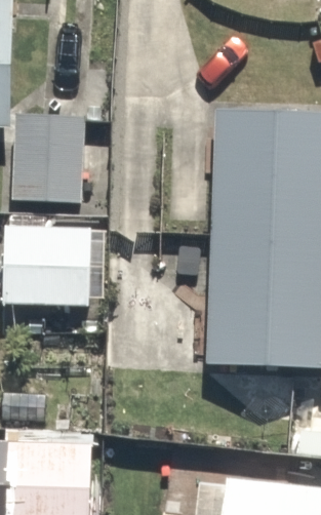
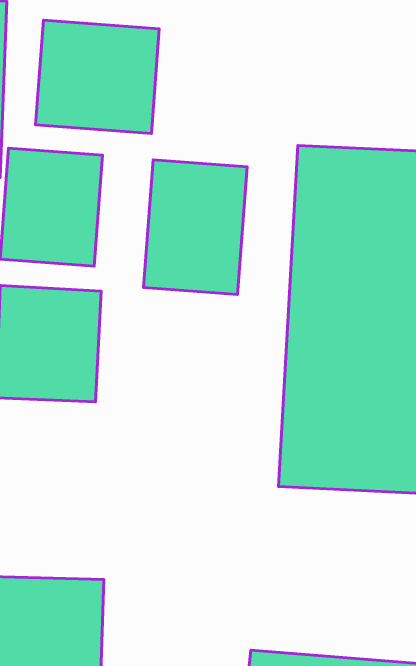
building: none -> [36,20,159,134]
building: none -> [144,160,247,295]

